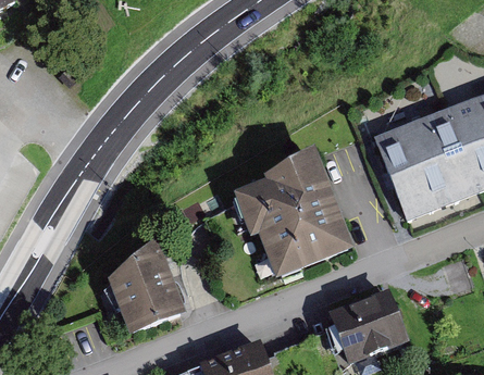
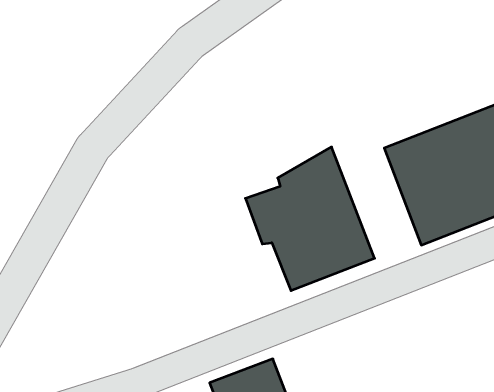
building: [111,235,184,329] -> none
building: [332,286,407,357] -> none

